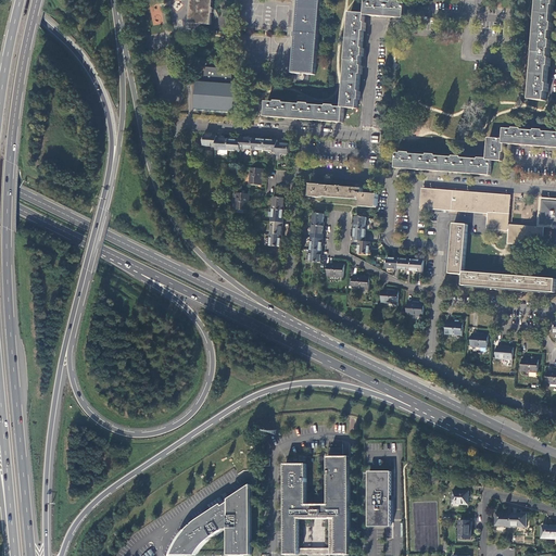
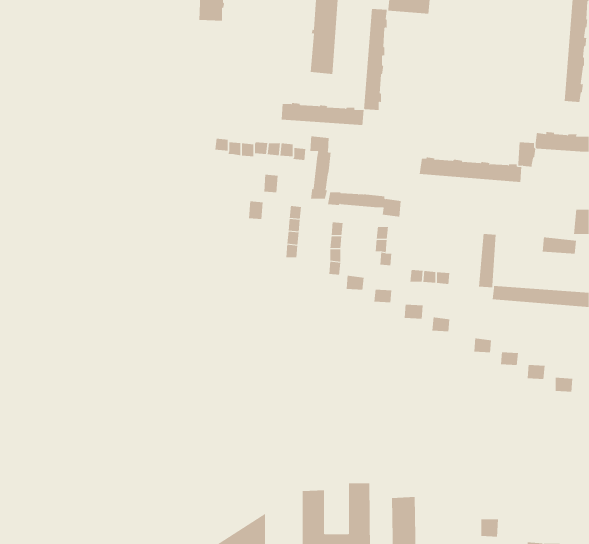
building: [193,66,237,112] -> none
building: none -> [310,136,331,200]
building: [420,190,506,229] -> none

